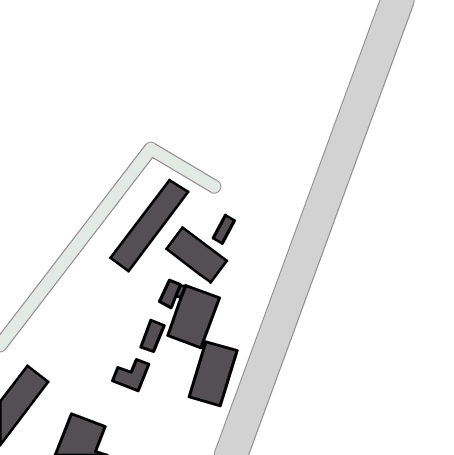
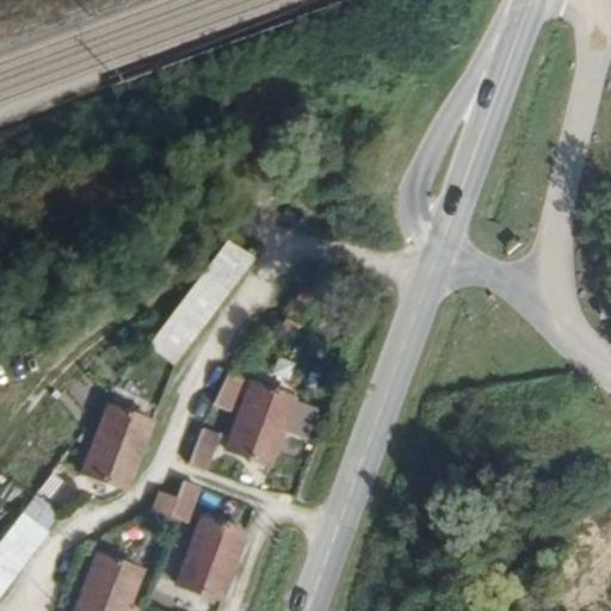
building: [167,227,227,282] -> none
building: none -> [86,406,154,490]
building: [189,342,237,406] -> [177,511,241,597]

